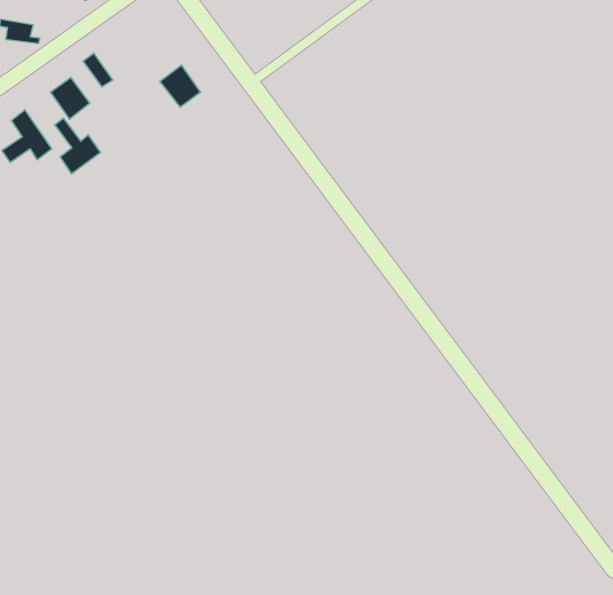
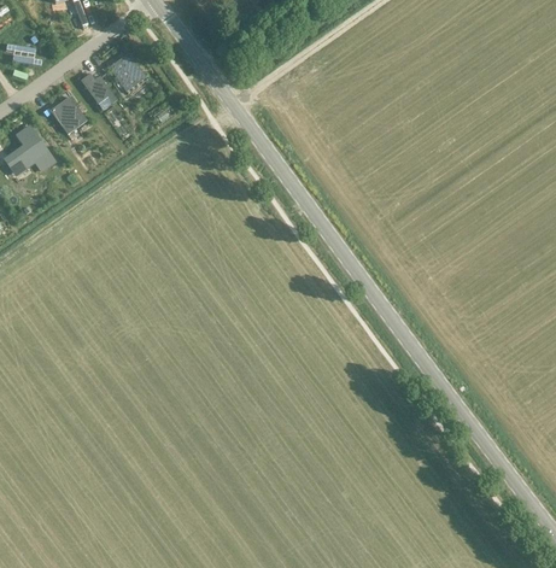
building: [160,65,200,107] -> [107,52,144,89]
building: [55,118,101,174] -> none

